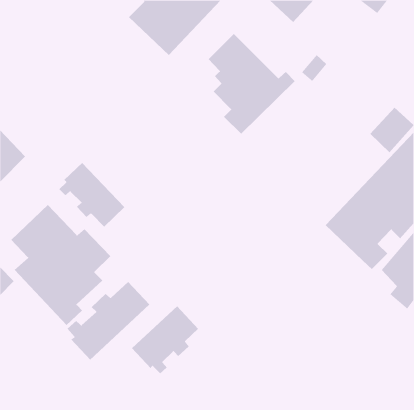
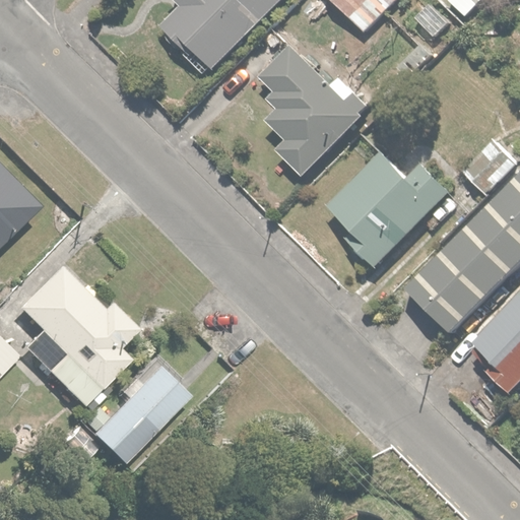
building: none -> [328,150,451,268]
building: [59,162,125,227] -> none
building: [131,305,199,374] -> none

